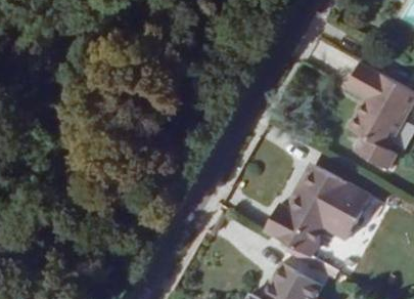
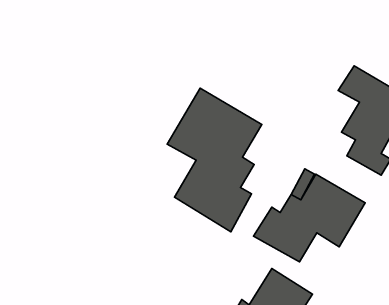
building: none -> [167,88,262,232]

